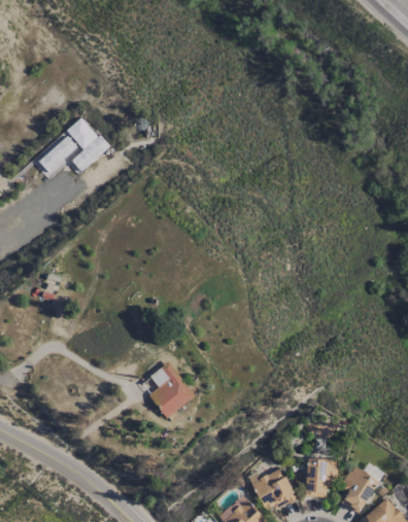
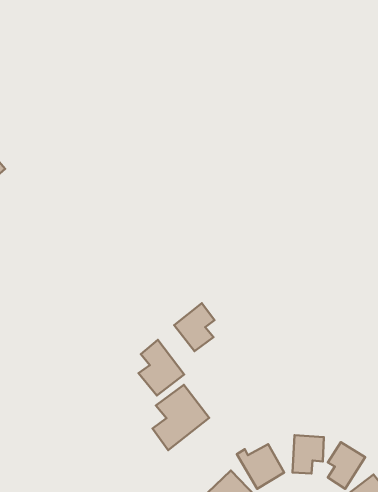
building: [32,116,108,178] -> none
building: none -> [174,303,215,351]
building: none -> [152,385,209,450]

